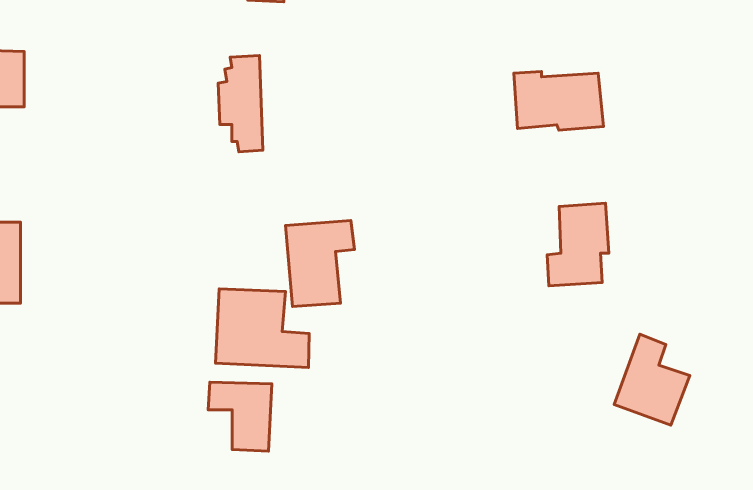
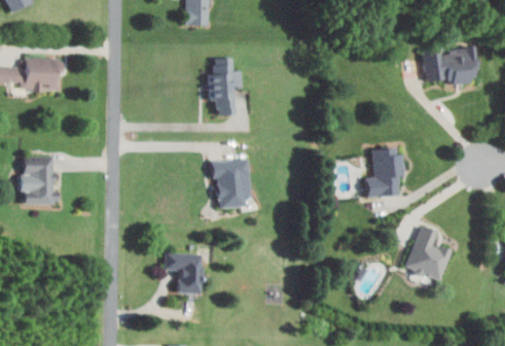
building: [218,56,263,152] -> [206,59,232,116]
building: [514,72,603,130] -> [424,47,477,82]
building: [215,289,309,368] -> none

